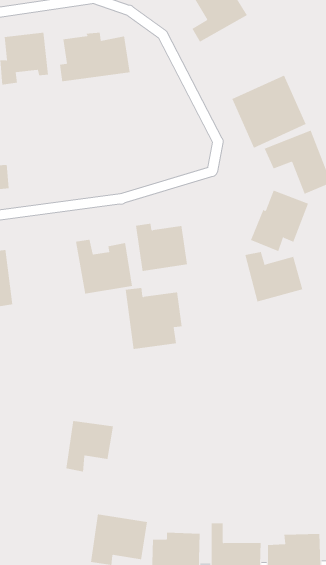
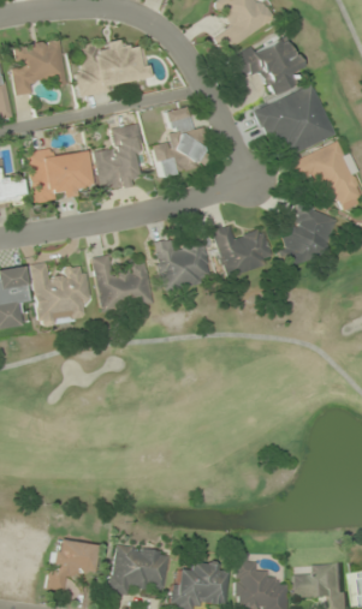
building: none -> [226,35,299,95]
building: none -> [152,106,210,177]
building: none -> [93,125,142,190]
building: none -> [26,149,90,203]
building: [244,252,303,302] -> [212,223,273,276]
building: [125,287,182,349] -> [30,262,90,327]
building: [65,420,114,472] -> [47,537,97,591]

